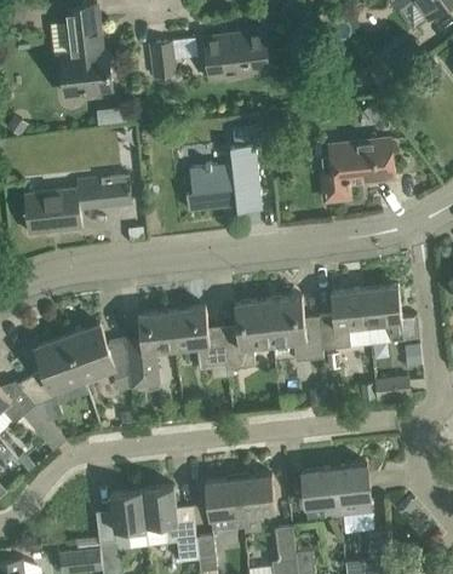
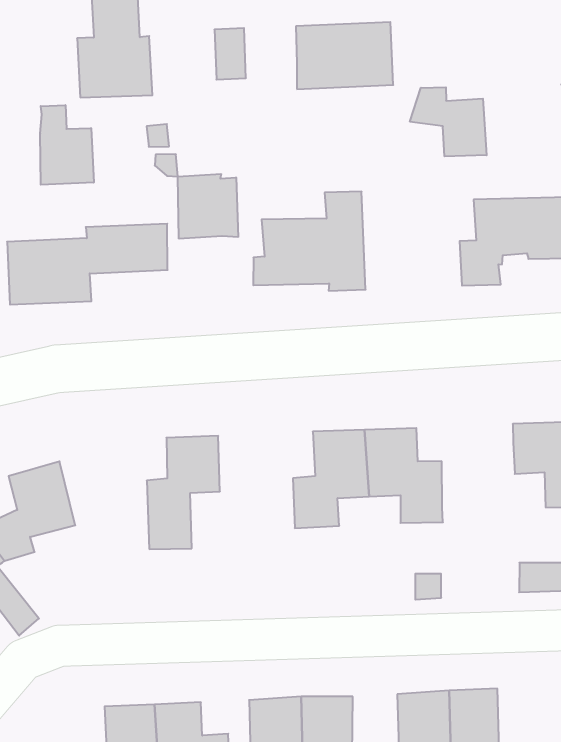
building: none -> [410,87,487,156]
building: none -> [40,105,94,185]
building: none -> [178,174,238,239]
building: [320,289,368,348] -> none
building: [172,306,228,379] -> none
building: [69,325,132,392] -> none

